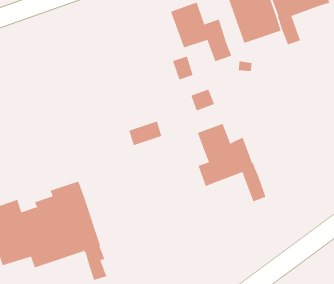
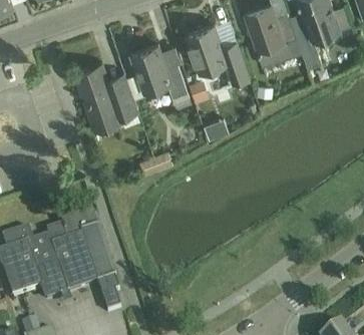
building: none -> [130,44,190,104]
building: none -> [74,64,137,125]
building: [197,123,266,202] -> none

